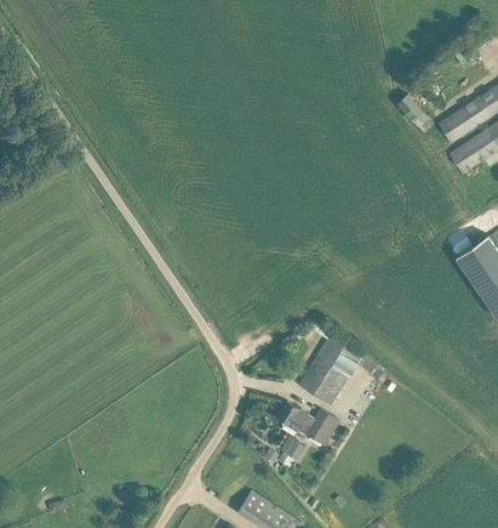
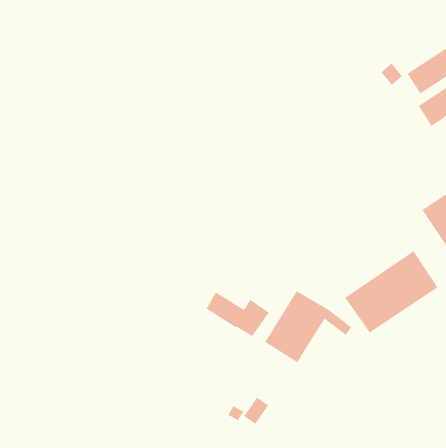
building: none -> [344,250,439,334]
building: [277,402,340,447] -> [206,291,270,337]

